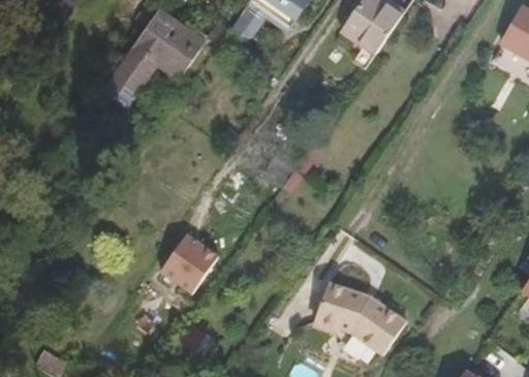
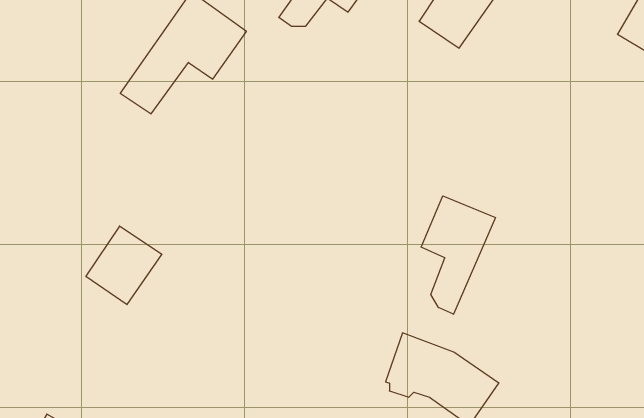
building: none -> [421,196,496,314]
building: [160,228,221,291] -> [86,226,162,305]

